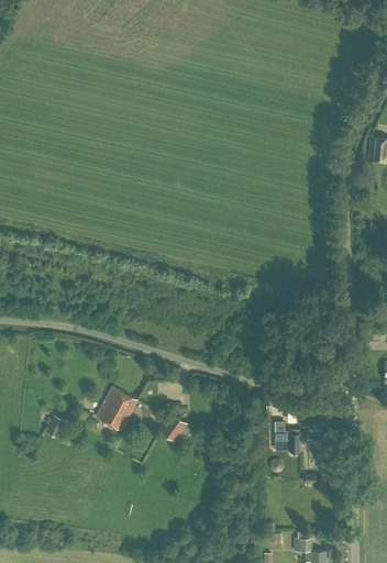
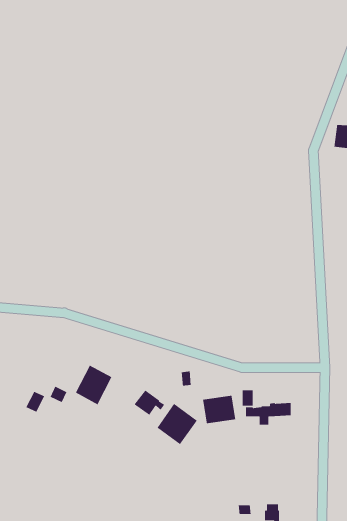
building: none -> [202,395,236,424]
building: none -> [156,403,198,445]

